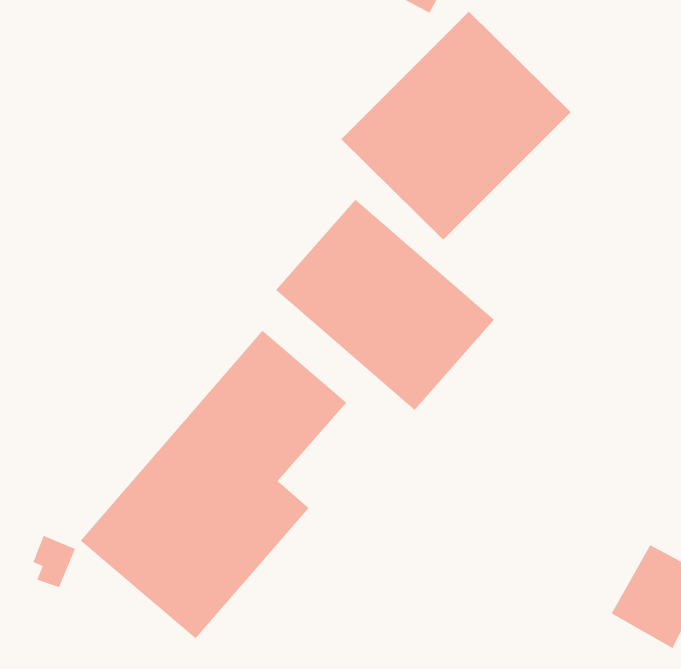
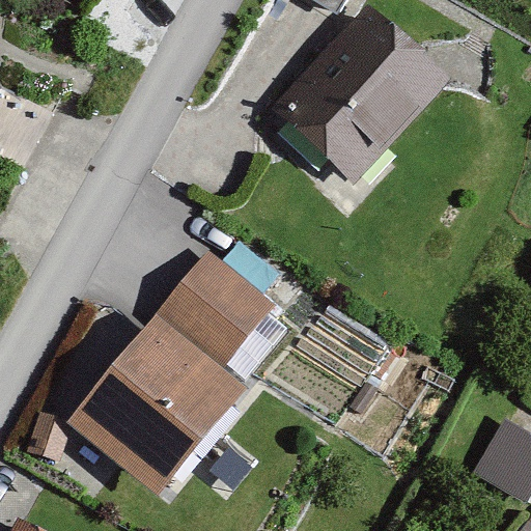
building: [275,199,495,411] -> none

